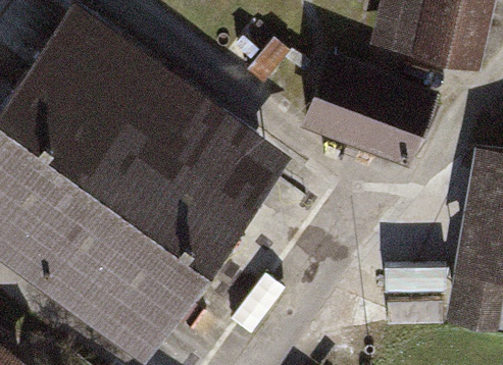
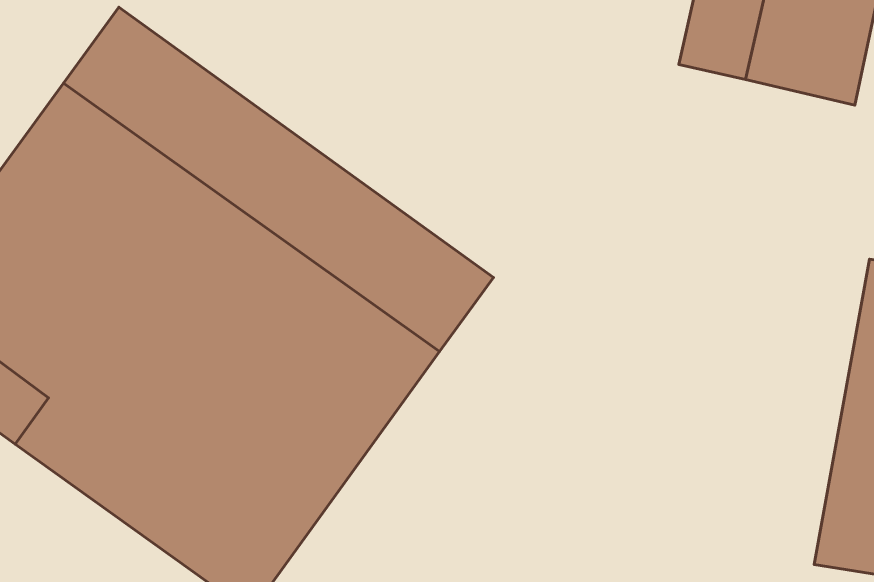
building: [309,59,435,160] -> none

